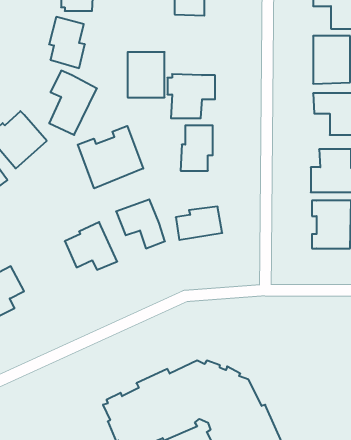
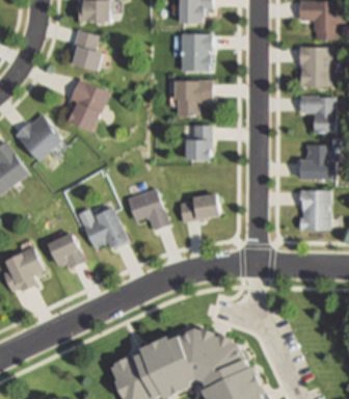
building: [128,52,165,97] -> [178,33,210,73]
building: [78,126,143,188] -> none
building: none -> [45,233,86,270]

